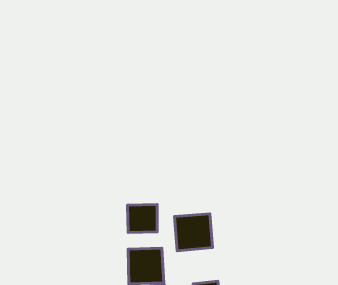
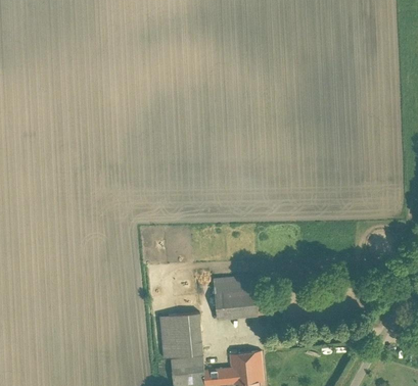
building: [127,204,157,233] -> none

